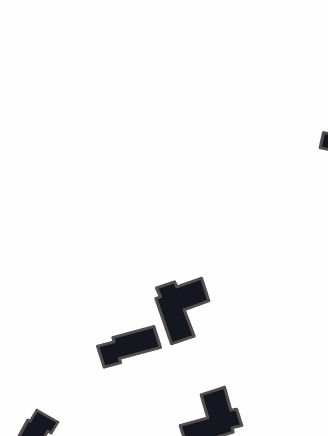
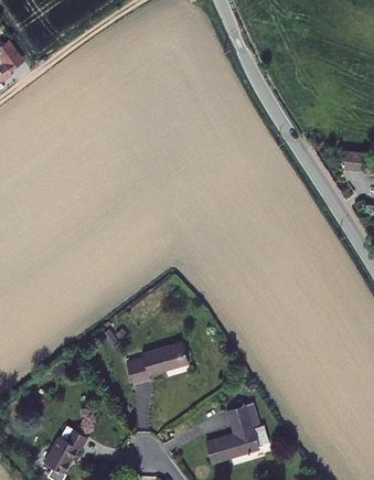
building: [156,278,209,344] -> none

